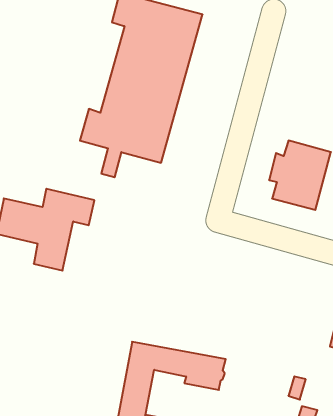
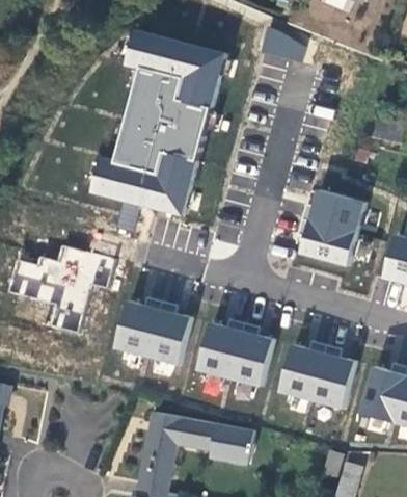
building: none -> [116,298,189,365]
building: none -> [197,319,272,387]
building: none -> [279,341,354,409]

